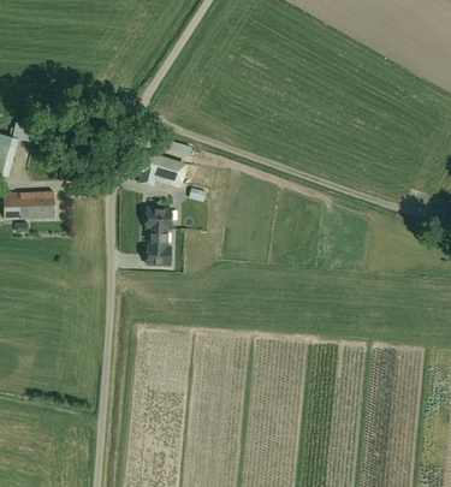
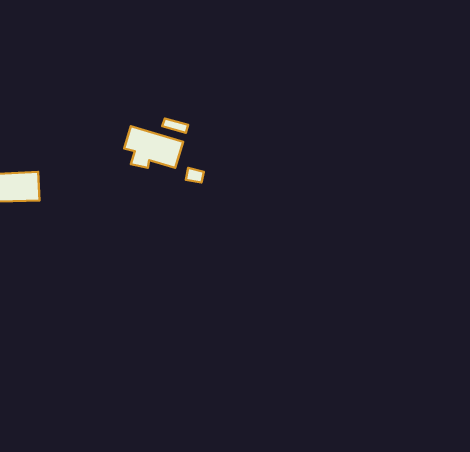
building: [146,207,172,265] -> none

